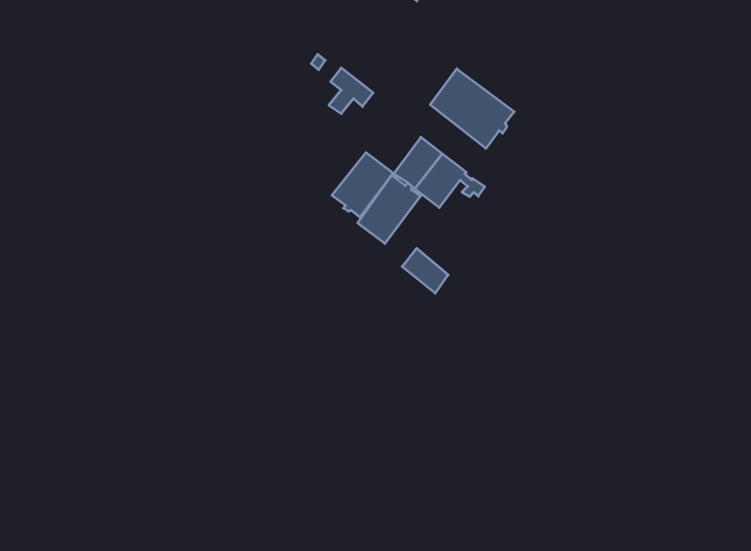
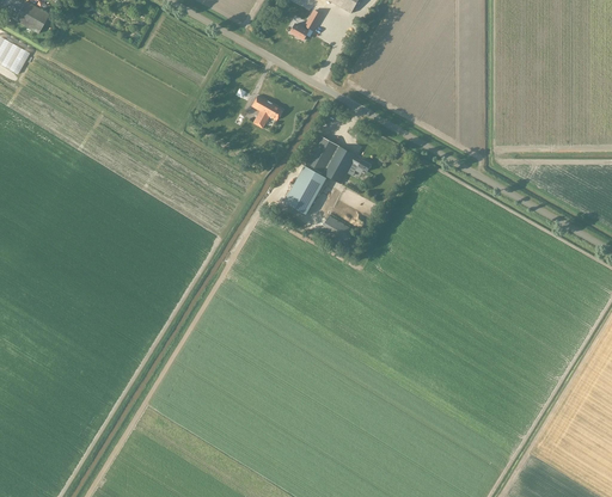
building: [430,69,514,148] -> none
building: [332,153,393,217] -> none

